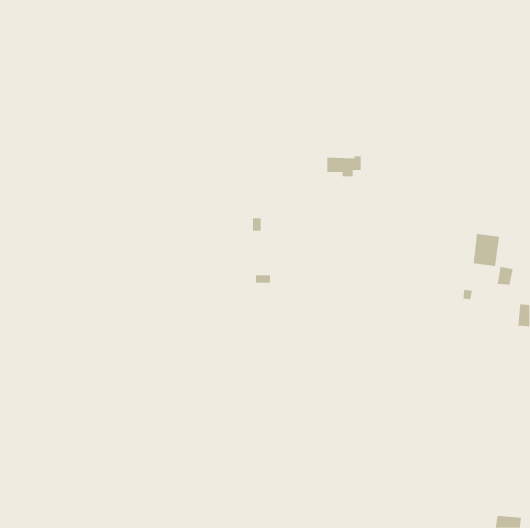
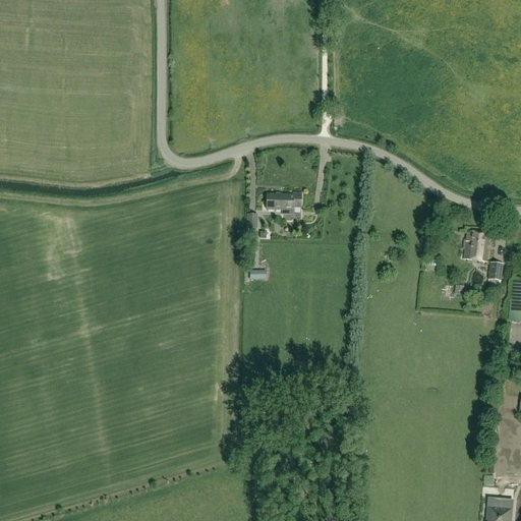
building: [326,156,362,177] -> [267,192,301,213]

